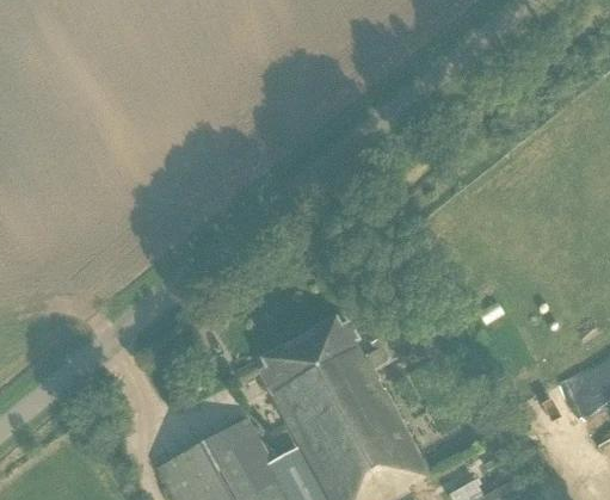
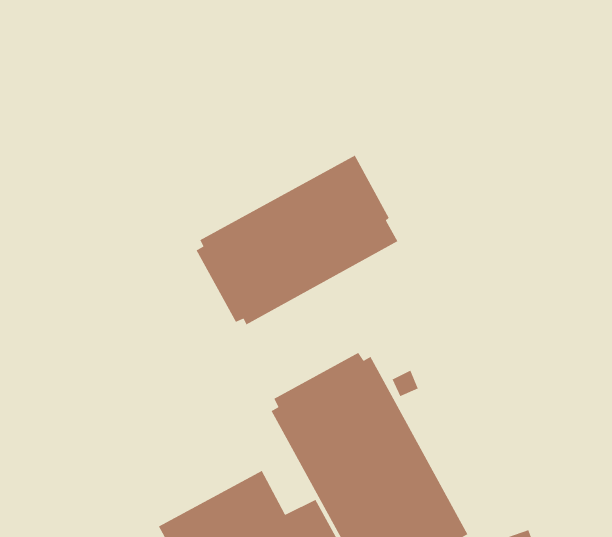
building: none -> [196,154,398,325]

